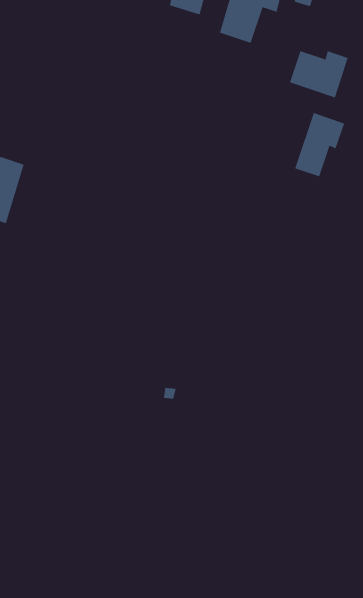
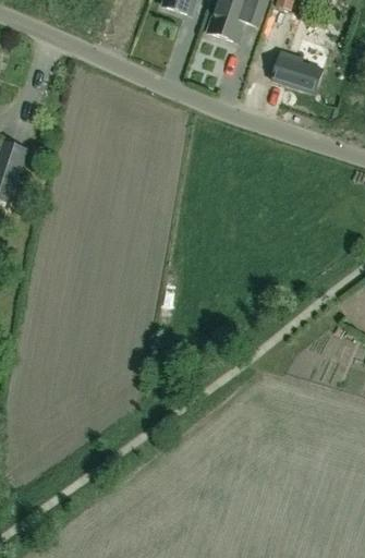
building: [294,112,345,177] -> none

